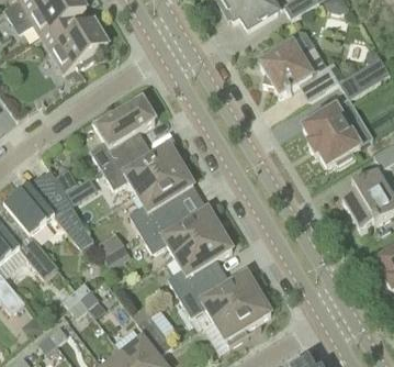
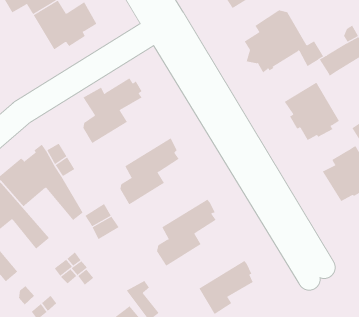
building: [102,144,184,191] -> none
building: [140,208,223,255] -> none
building: [179,271,261,319] -> none

